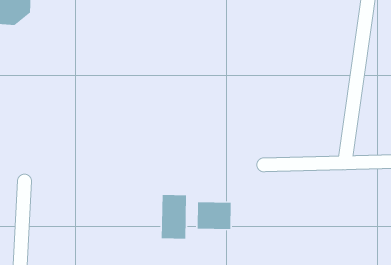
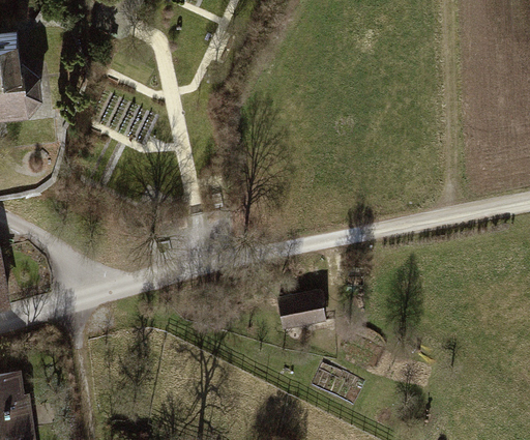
building: [161,194,187,239] -> none

